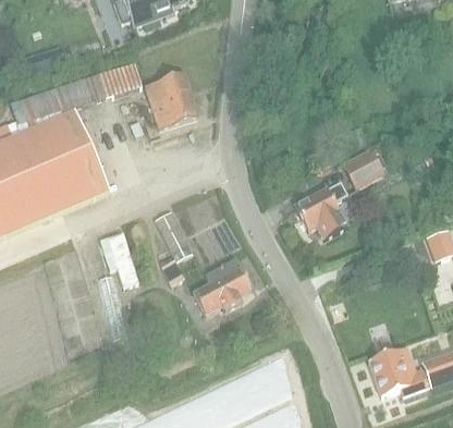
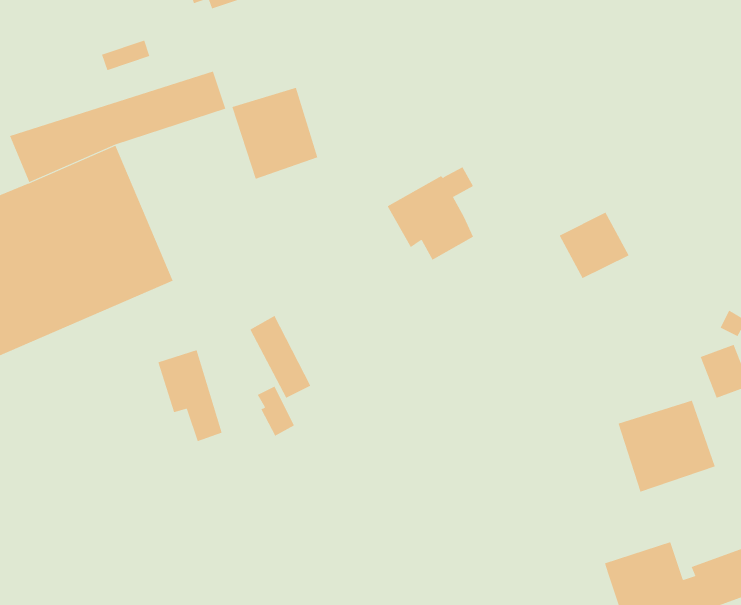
building: [293,182,345,239] -> [387,166,474,261]
building: [193,258,250,314] -> none
building: none -> [618,400,715,492]

